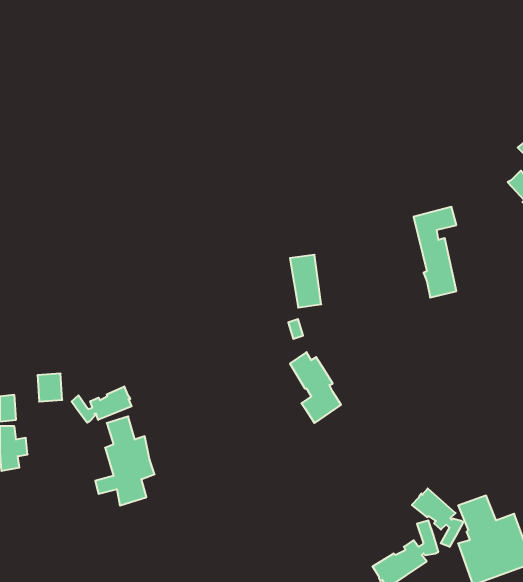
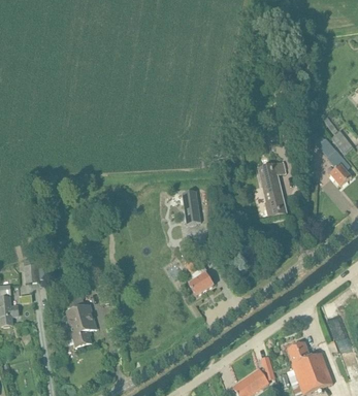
building: [72,386,132,423] -> none
building: [412,488,463,547] -> none

